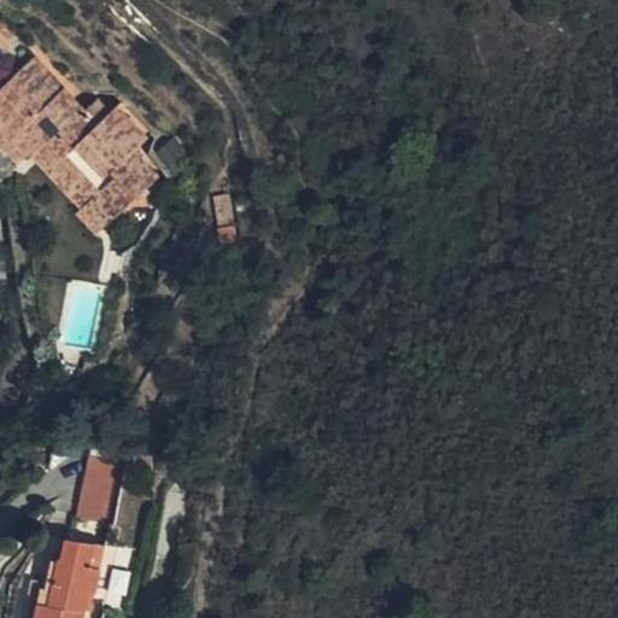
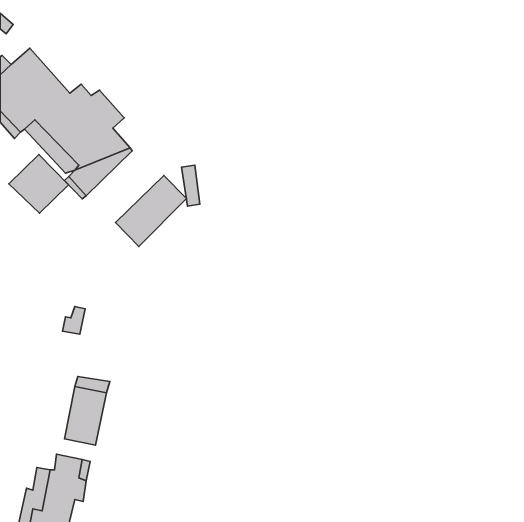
building: none -> [9,154,69,213]
building: none -> [116,176,186,247]

